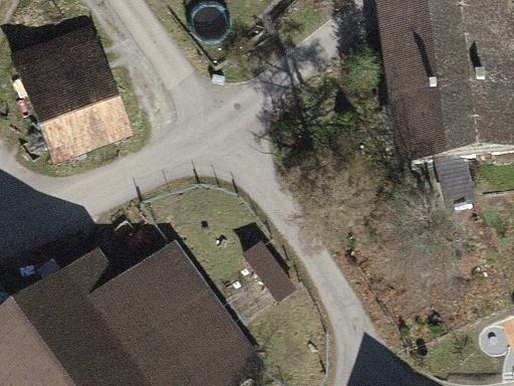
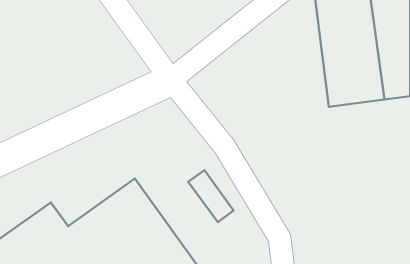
building: [17,32,131,157] -> none

